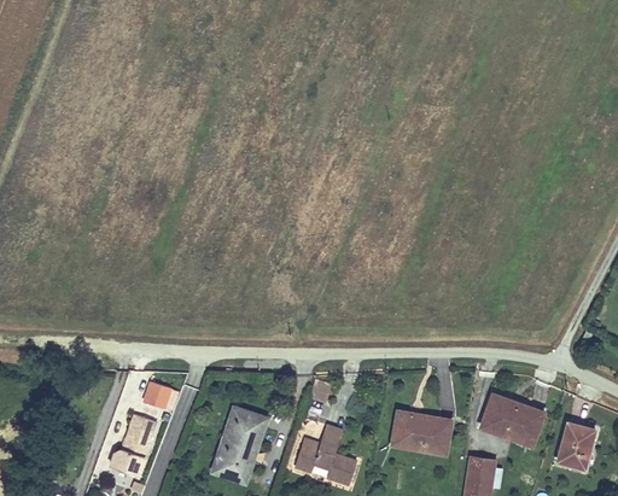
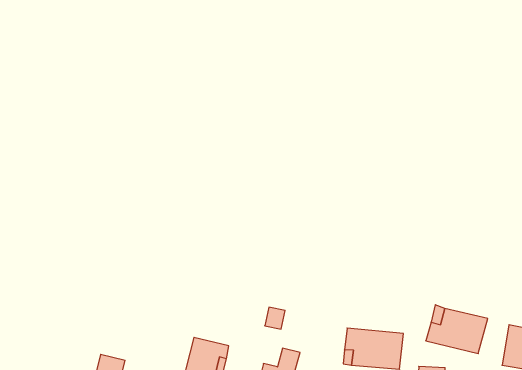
building: [142,381,180,412] -> none

